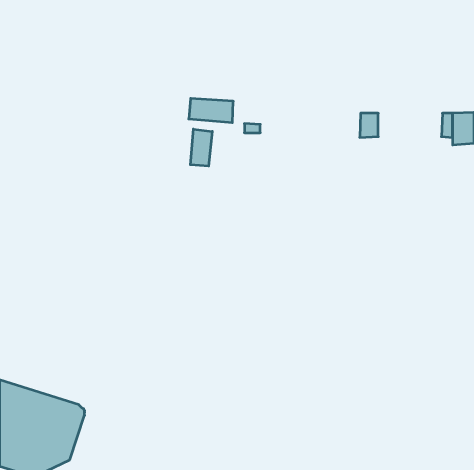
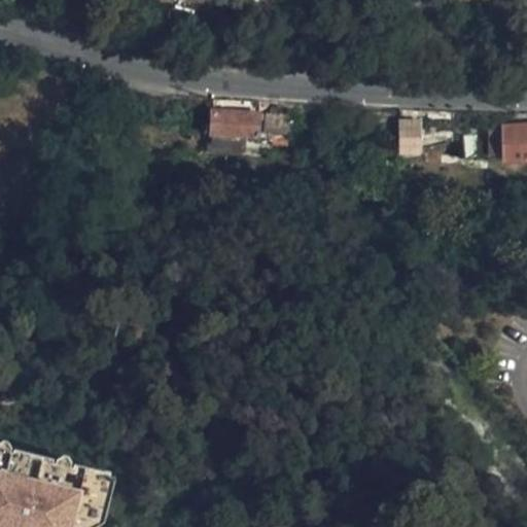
building: [190,129,212,166] -> none

